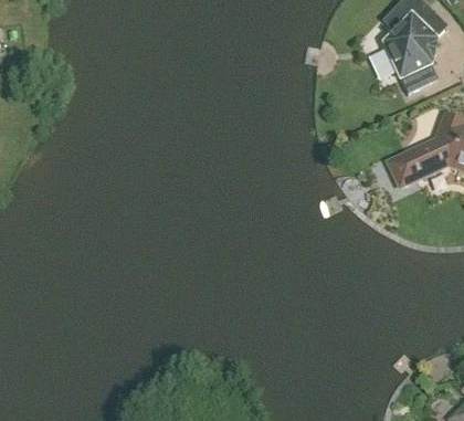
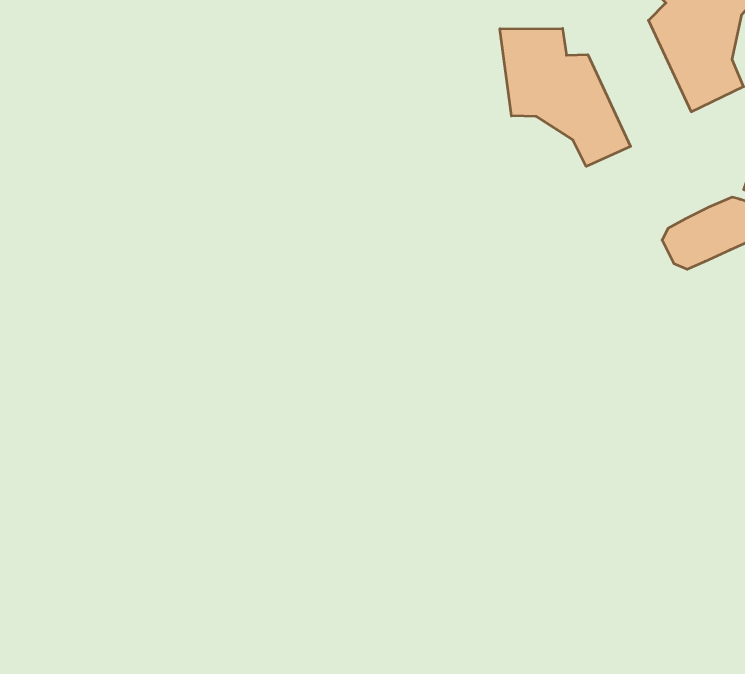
building: none -> [500,28,631,166]

